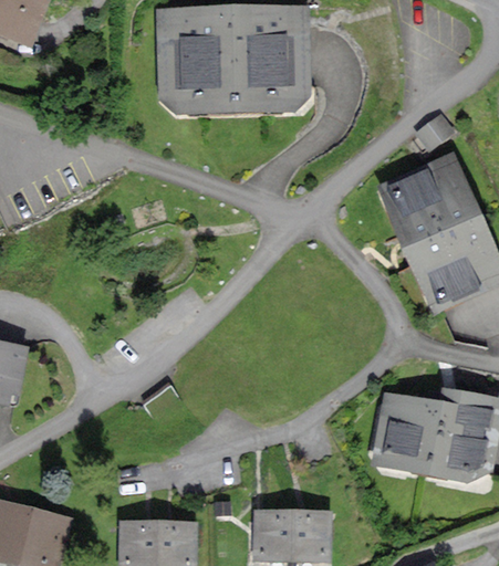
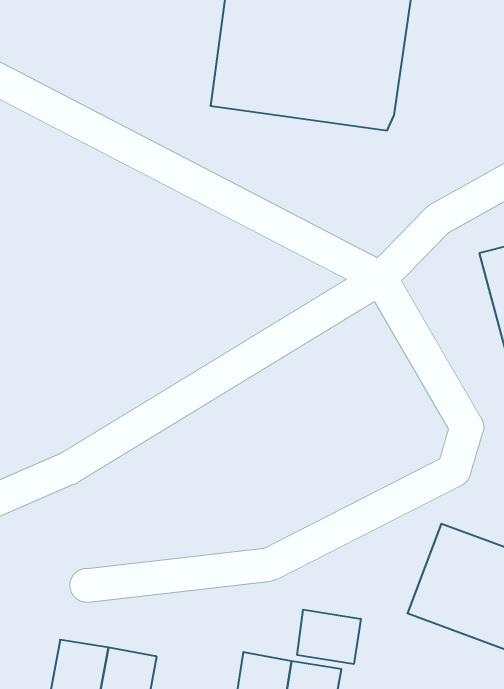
building: none -> [297,610,361,664]

